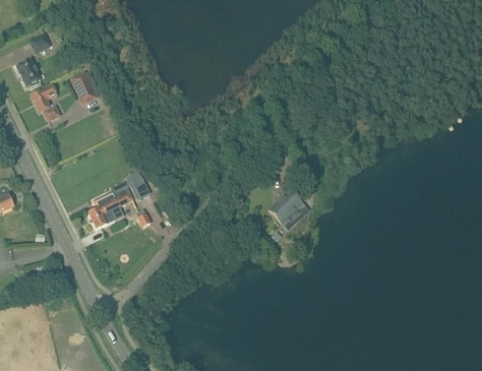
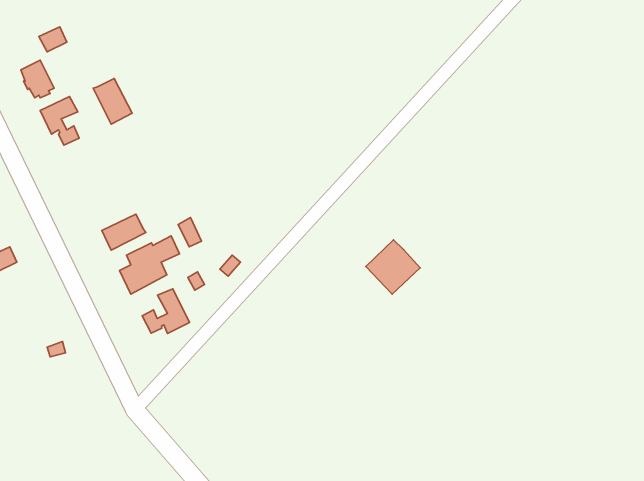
building: none -> [102,214,146,250]
building: none -> [142,289,189,334]

